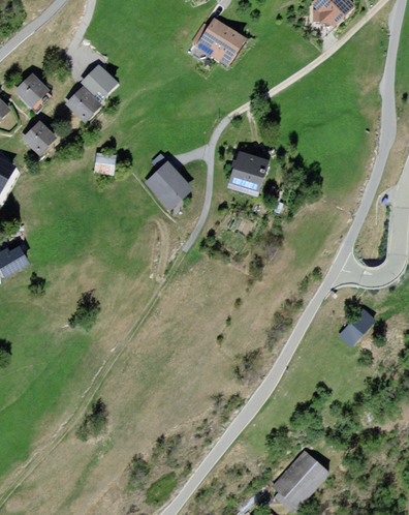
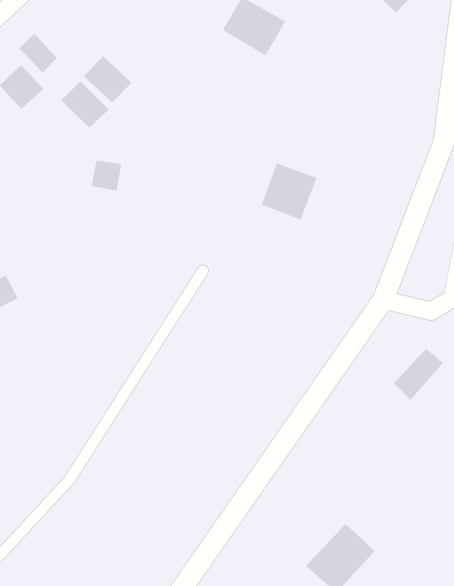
building: none -> [18,33,58,73]
building: [24,120,62,159] -> none
building: [139,159,191,212] -> none

